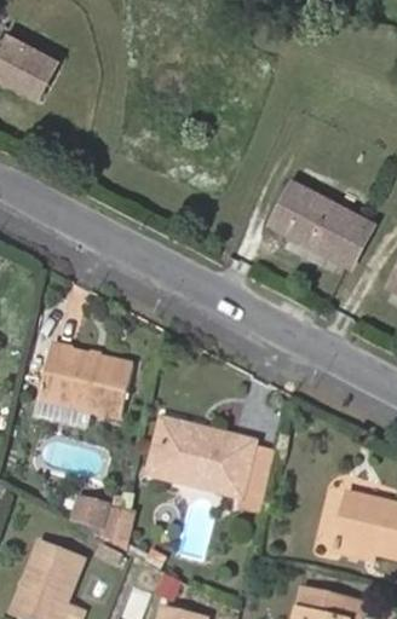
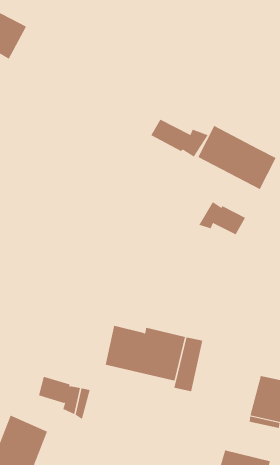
building: none -> [151,119,208,157]
building: none -> [198,201,246,235]
building: [40,346,136,417] -> none

